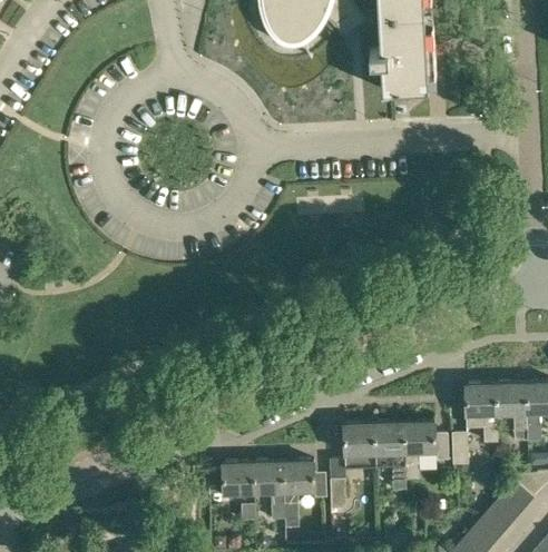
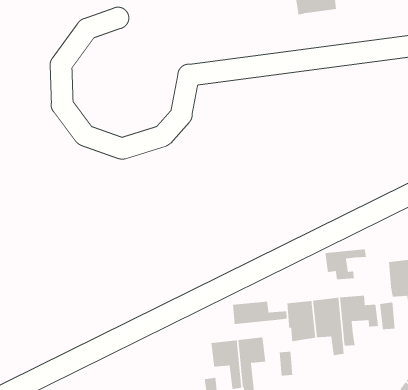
building: none -> [325,248,367,280]
building: none -> [232,301,287,325]
building: [222,463,253,493] -> none

